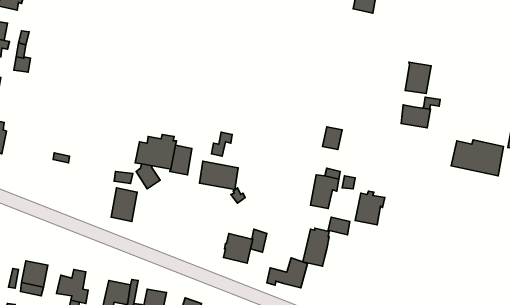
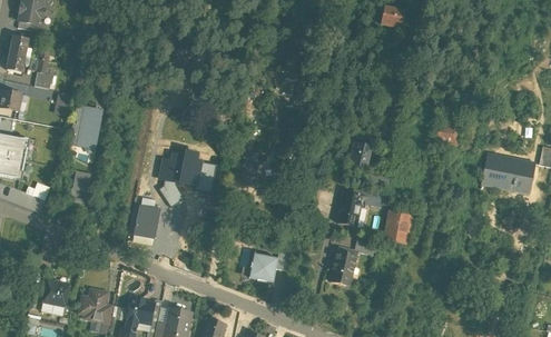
building: [405,62,431,94] -> none
building: none -> [69,102,101,143]
building: [199,161,238,190] -> none
building: [267,258,307,288] -> none

